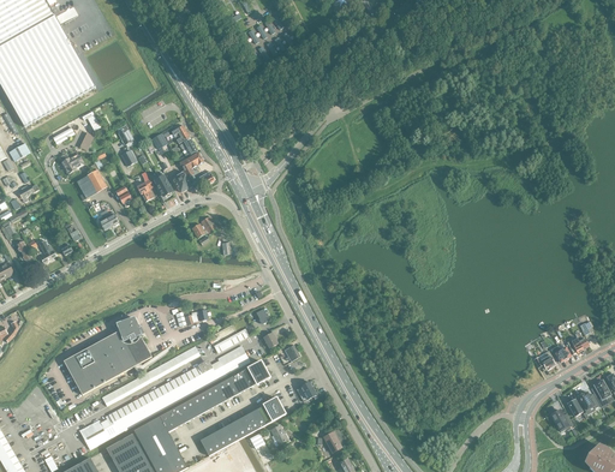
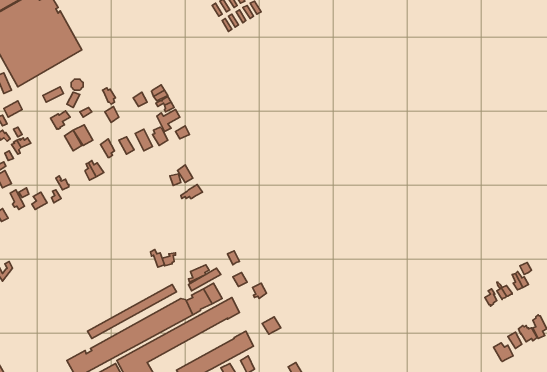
building: [62,318,151,394] -> none

